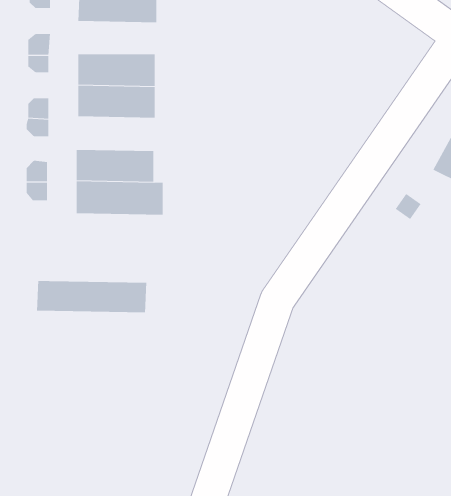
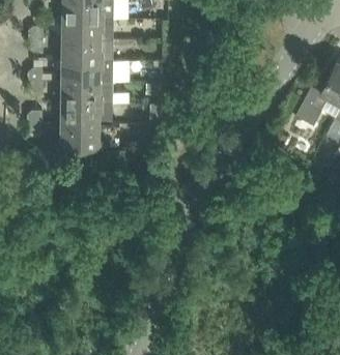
building: none -> [60,20,113,41]
building: none -> [59,83,112,106]
building: [37,280,147,313] -> none

